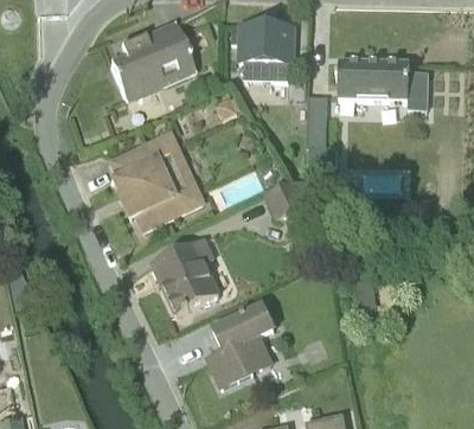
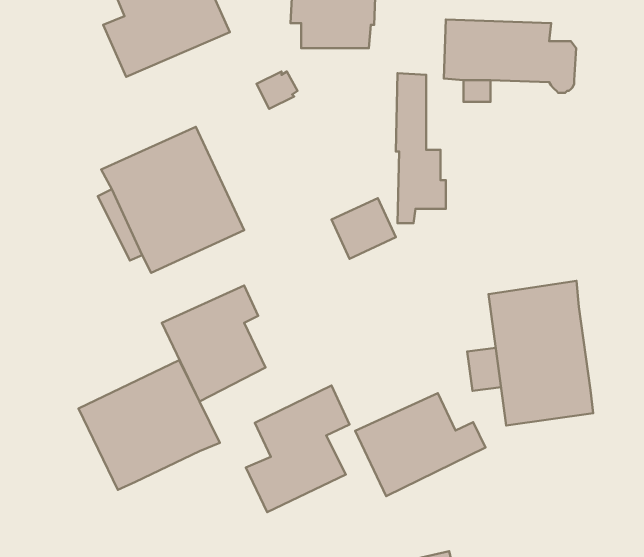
building: none -> [488,281,593,426]
building: none -> [78,360,220,490]
building: none -> [355,393,486,496]

